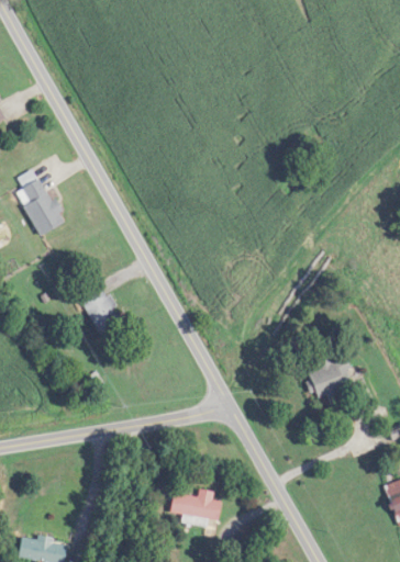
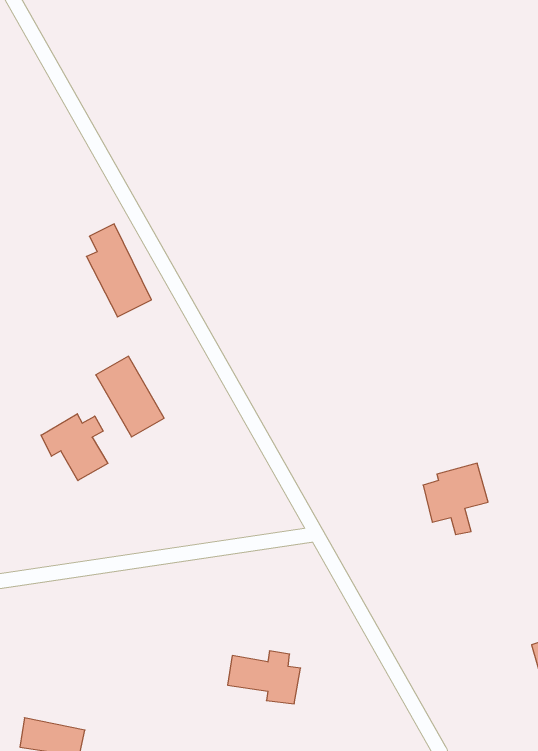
building: [16,169,63,235] -> [86,224,151,317]
building: none -> [41,414,108,481]

